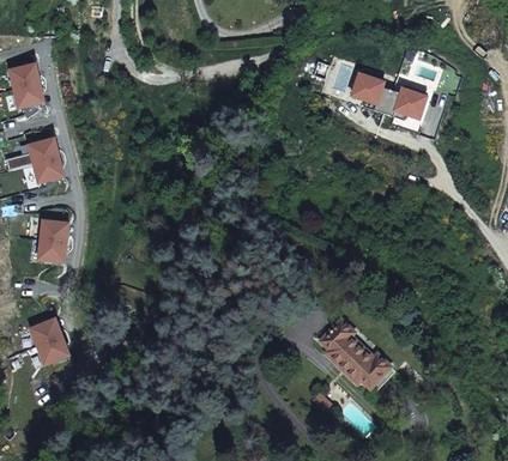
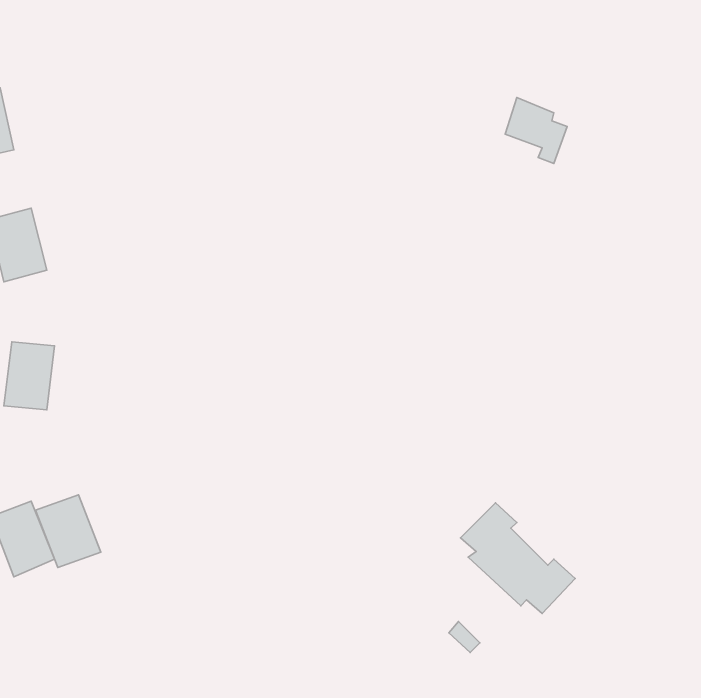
building: [377,86,419,117] -> none
building: none -> [35,495,101,568]

